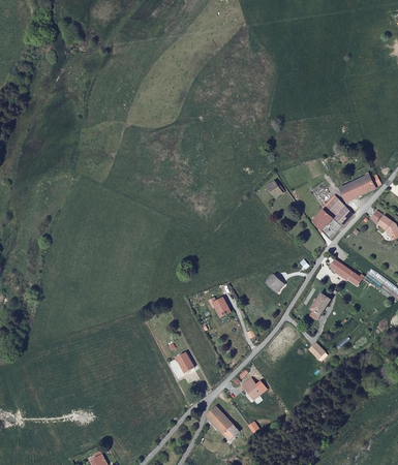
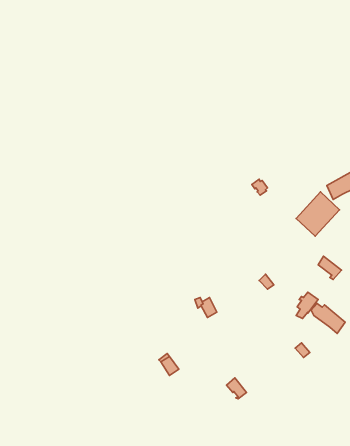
building: none -> [311,303,345,333]
building: [205,405,237,437] -> none

